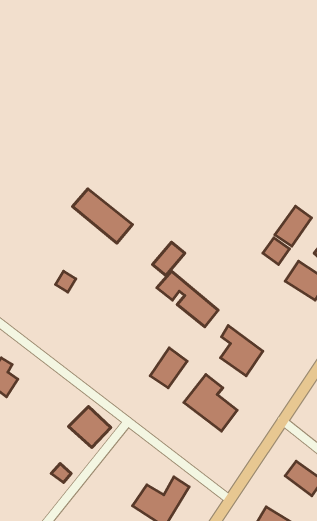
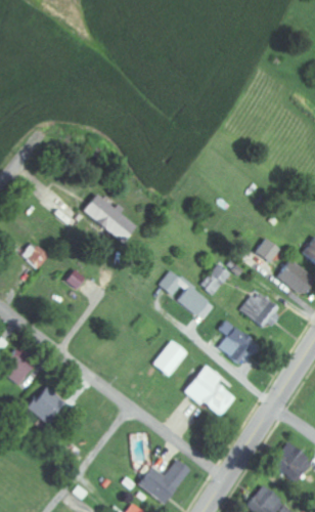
building: [275,206,312,246] -> none
building: none -> [24,242,51,269]
building: [152,242,185,275] -> [200,264,230,295]
building: none -> [240,291,280,330]
building: [68,406,111,448] -> [28,388,66,426]

